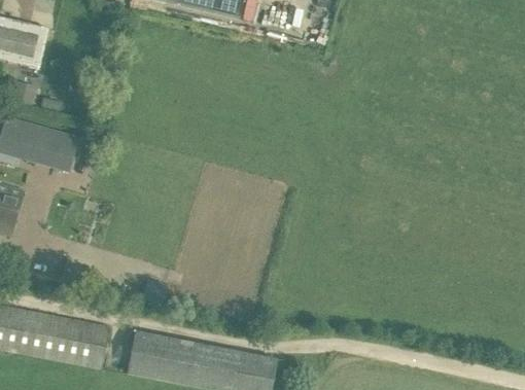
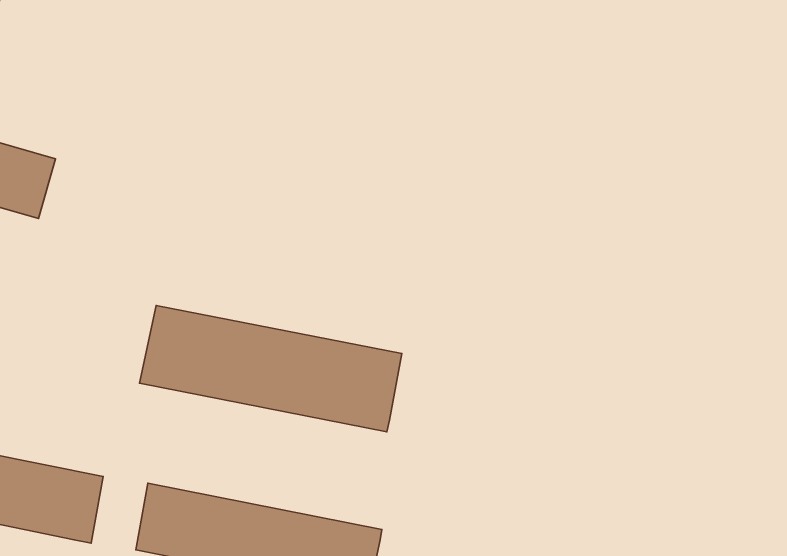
building: none -> [139,306,402,432]

